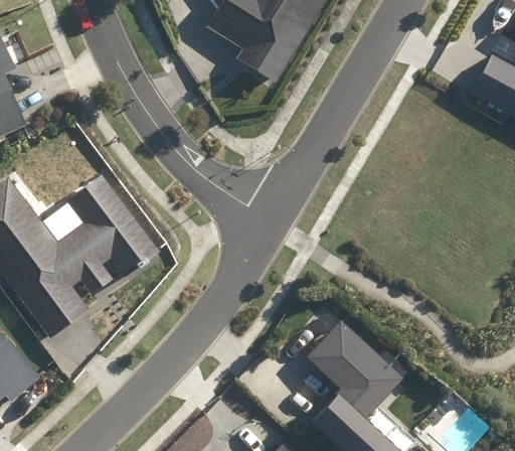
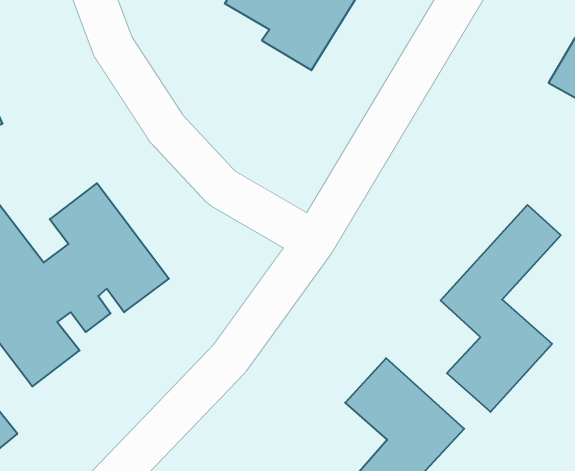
building: none -> [441,205,561,412]

